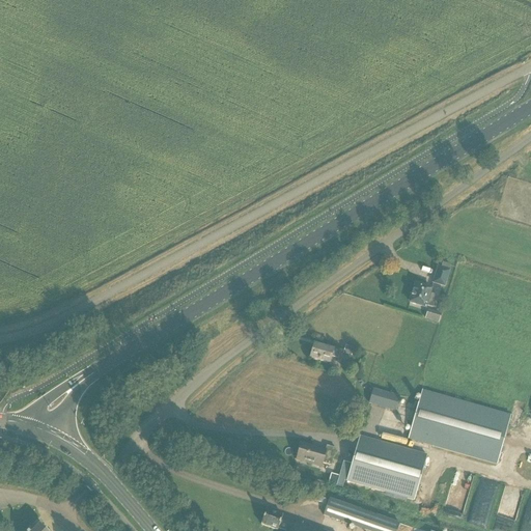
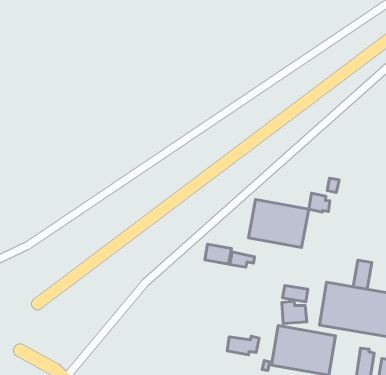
building: none -> [248,200,309,248]
building: none -> [205,244,231,264]
building: none -> [353,260,372,289]

